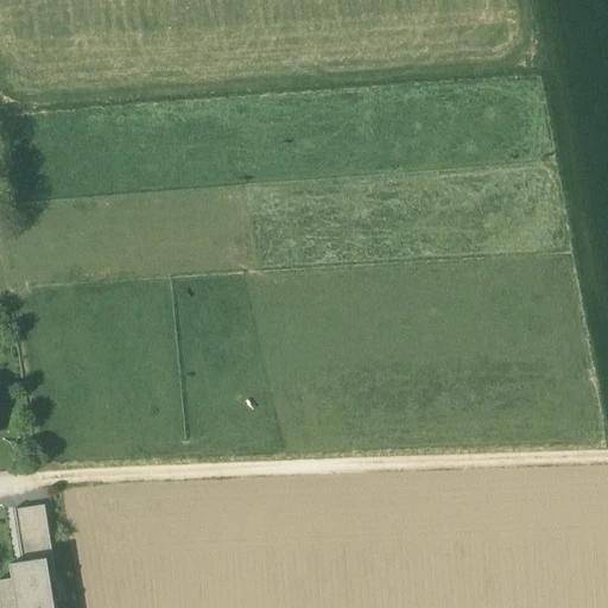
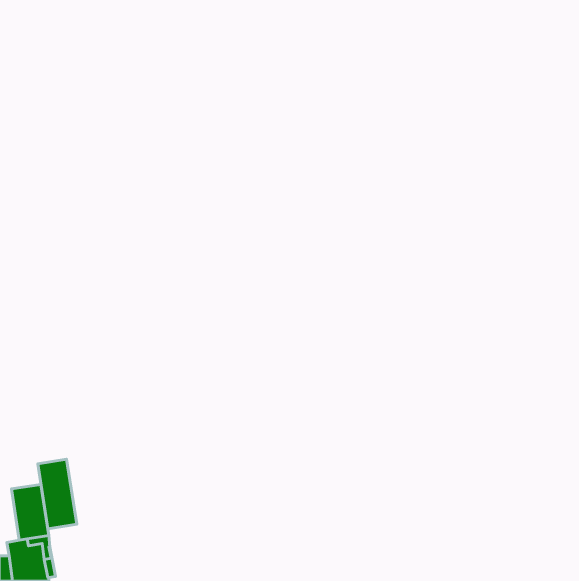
building: none -> [38,459,77,529]

